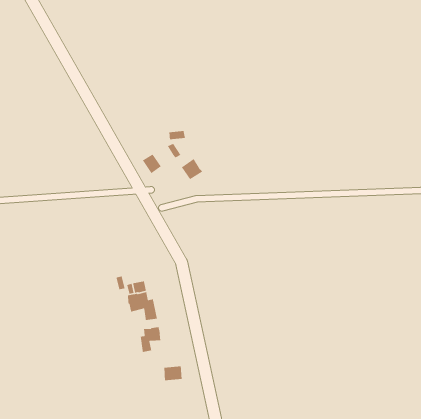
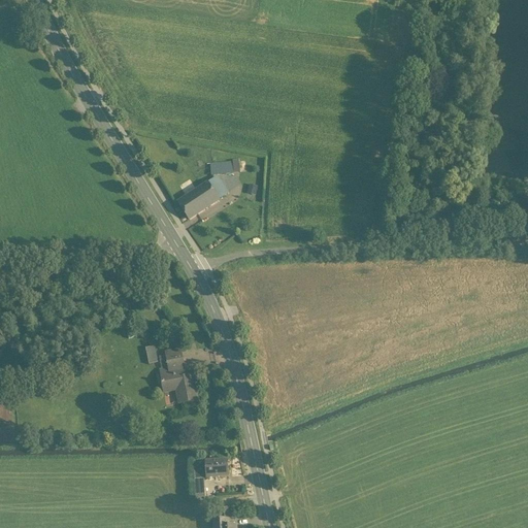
building: [181,158,203,180] -> [191,180,219,208]
building: [140,326,161,353] -> none

